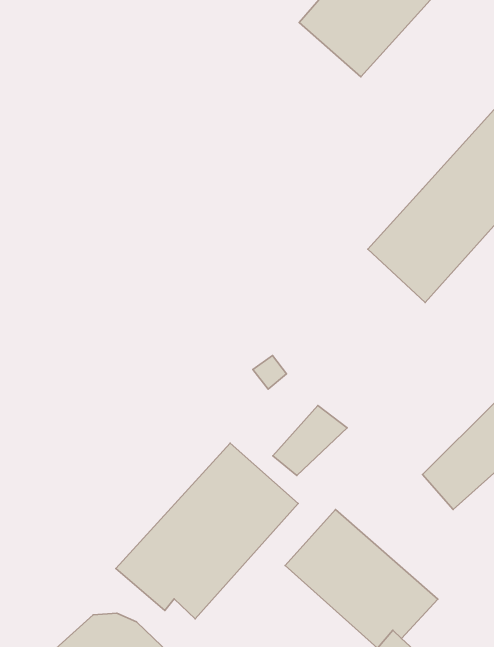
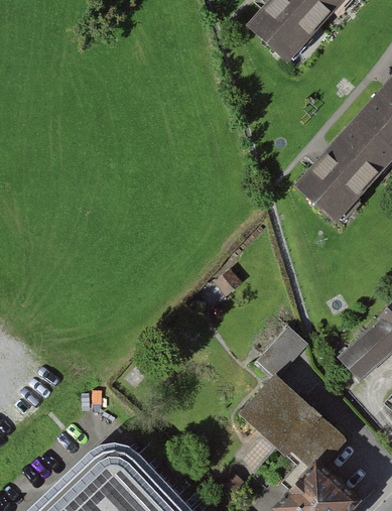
building: [273,405,347,475] -> [256,322,309,372]
building: [116,443,298,619] -> none

